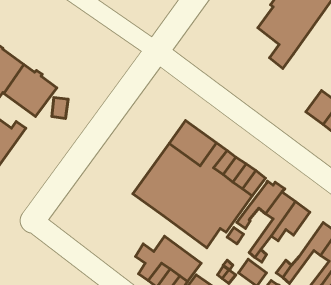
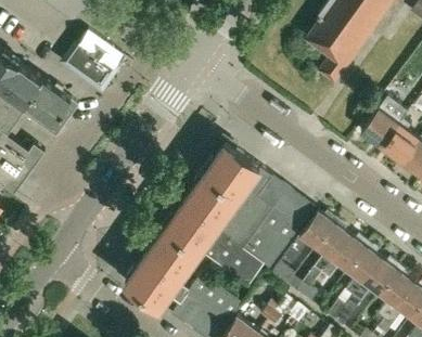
building: none -> [73,31,124,83]
building: none -> [125,225,201,308]
building: none -> [347,246,381,296]

